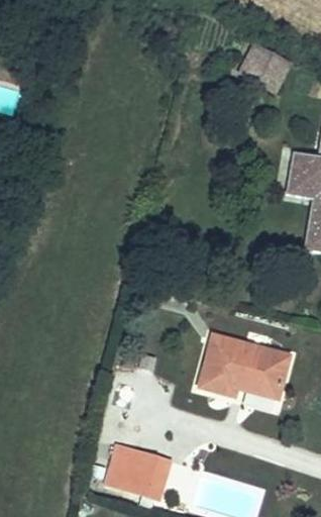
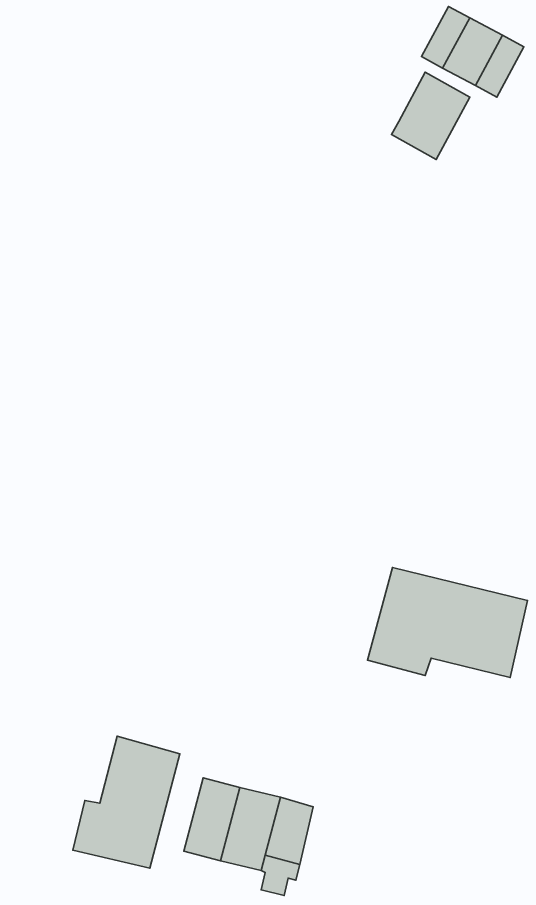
building: none -> [392,72,470,160]
building: none -> [73,736,180,868]

